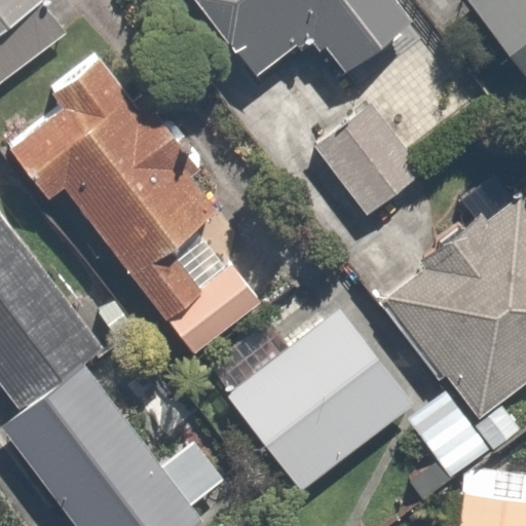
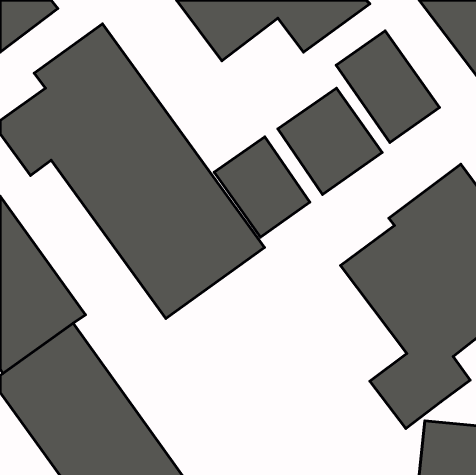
building: none -> [336,31,440,142]
building: none -> [214,137,310,237]
building: [224,303,419,492] -> none

